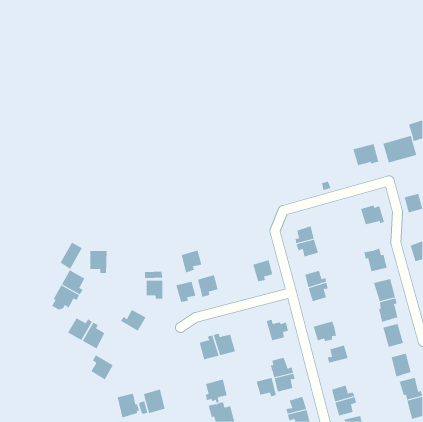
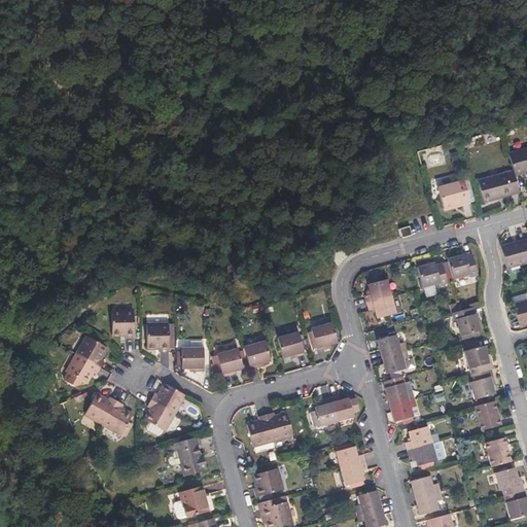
building: none -> [418,262,449,288]
building: [60,242,82,270] -> none
building: [181,250,202,273] -> [280,331,307,360]
building: none -> [146,324,169,352]
building: none -> [383,375,414,406]
building: none -> [315,398,338,428]
building: [90,355,114,380] -> [143,398,172,430]
building: none -> [409,445,437,466]
building: [256,377,276,397] -> none
building: [117,393,140,418] -> [177,445,206,476]

